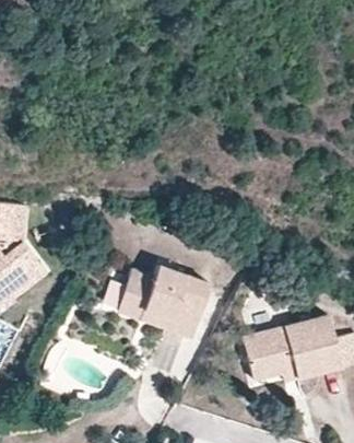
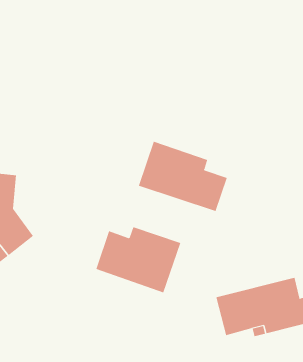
building: none -> [138,141,228,212]

